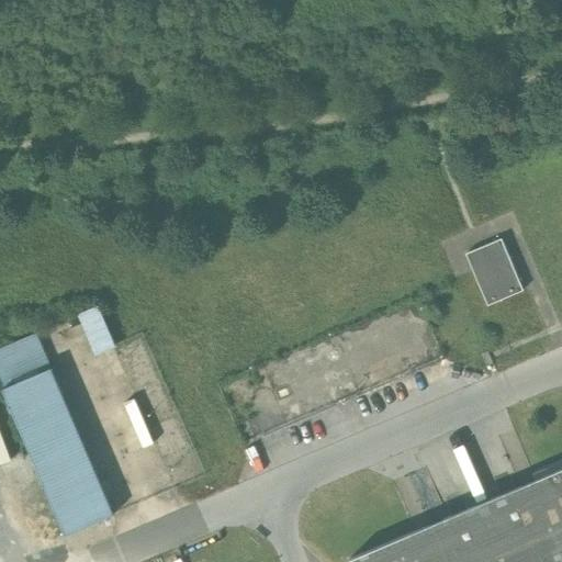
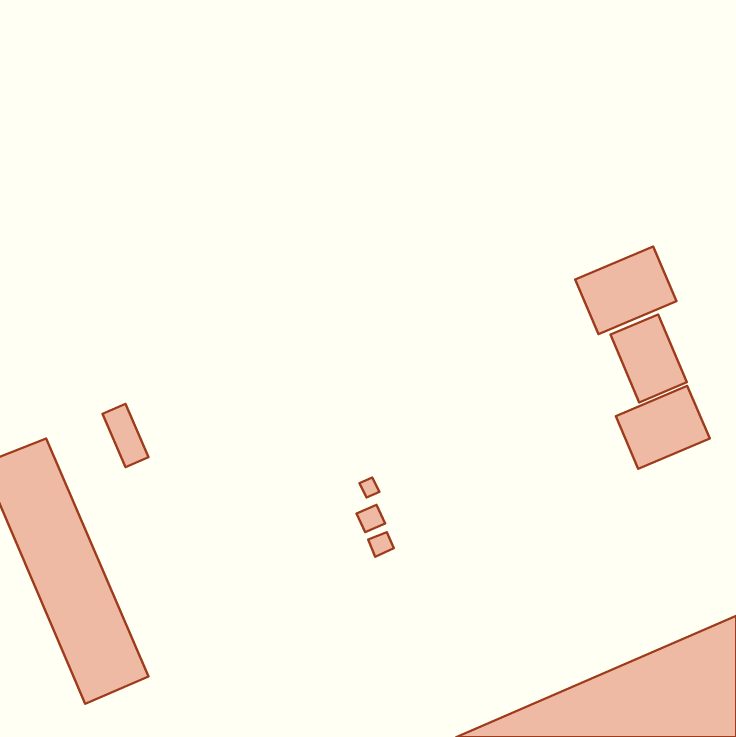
building: none -> [575,246,677,334]
building: none -> [616,386,710,469]

